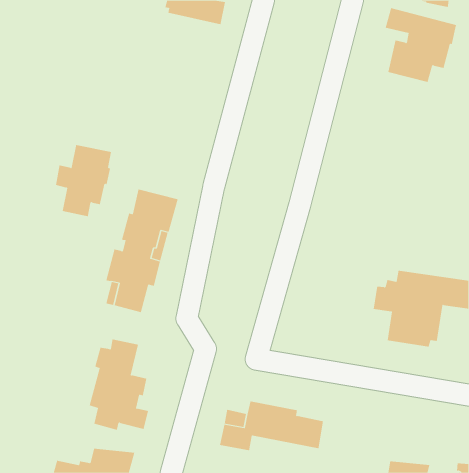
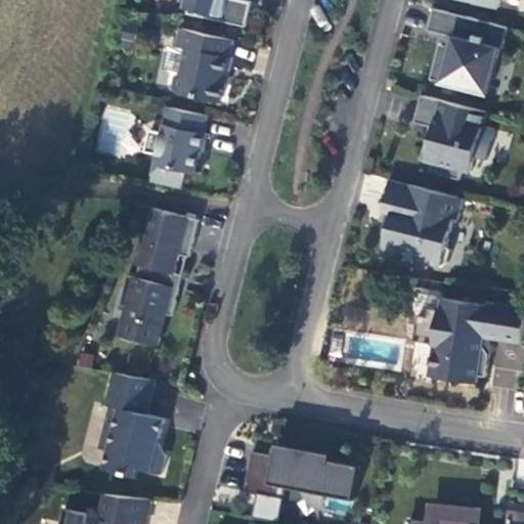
building: none -> [171,29,232,102]
building: none -> [402,95,482,179]
building: [55,145,112,217] -> [143,107,206,187]
building: none -> [380,180,463,267]

